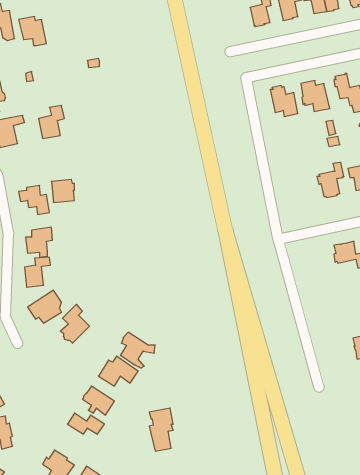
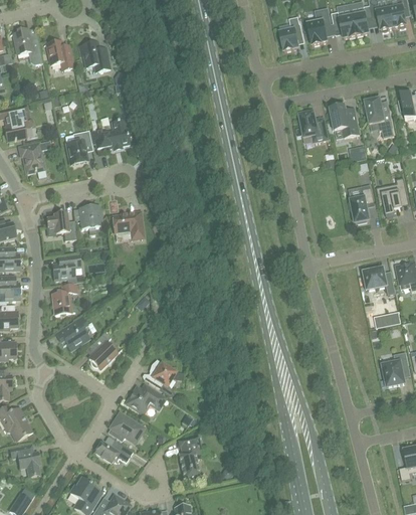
building: none -> [78,40,110,71]
building: none -> [90,119,129,150]
building: none -> [112,210,143,237]

